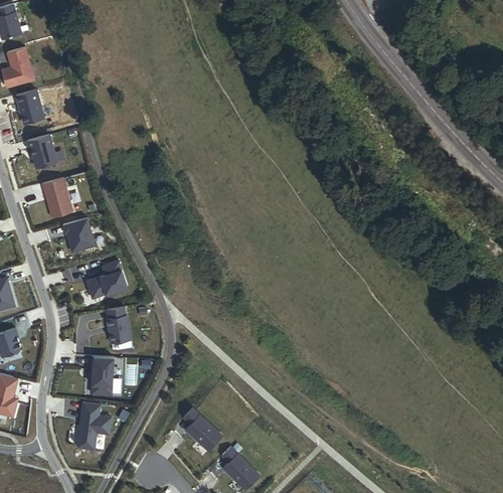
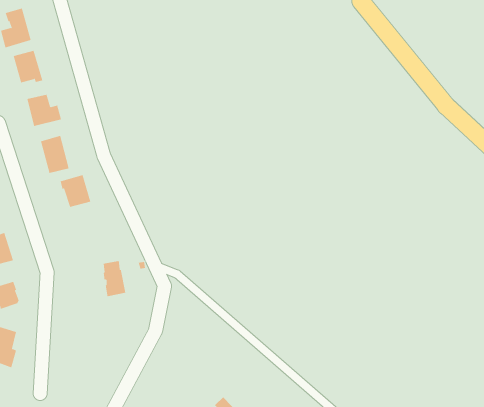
building: [87,260,128,298] -> none
building: [91,356,114,395] -> none
building: [75,401,112,451] -> none
building: [183,407,221,450] -> none

